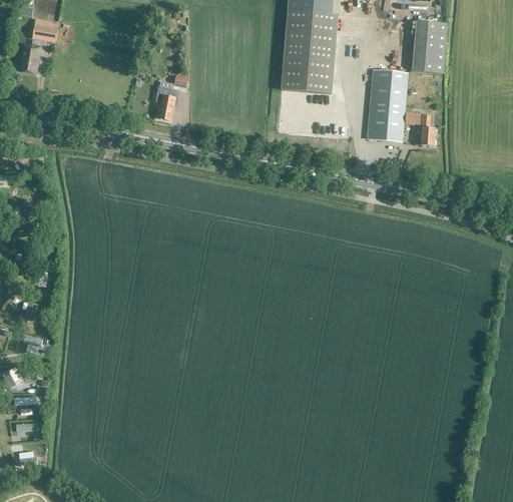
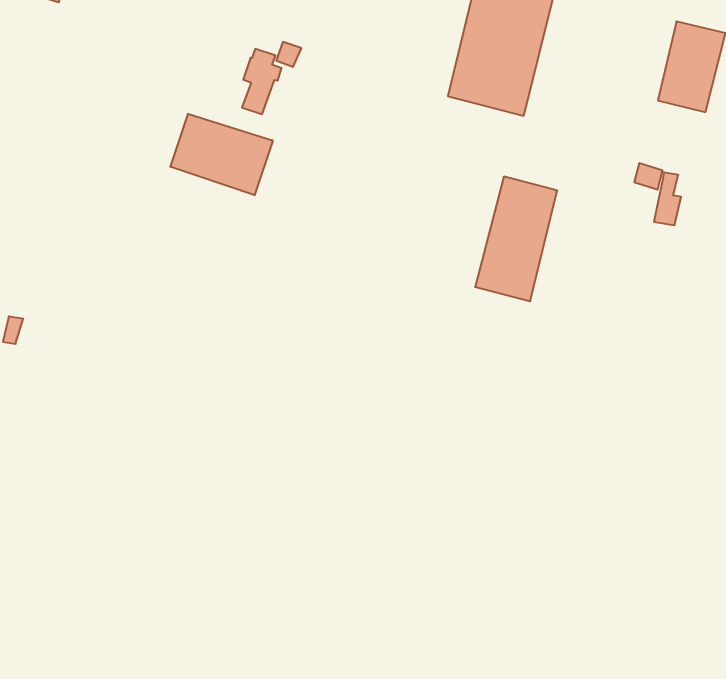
building: [367,69,407,142] -> [475,177,557,301]
building: none -> [170,114,273,195]

